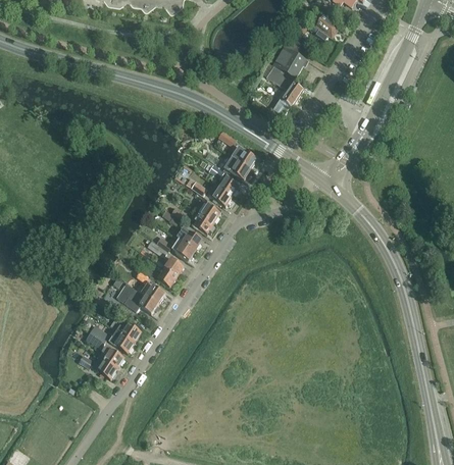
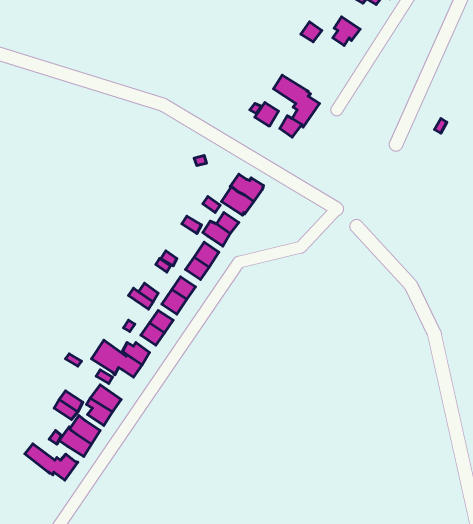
building: [273,46,305,76] -> none
building: none -> [25,444,78,480]

